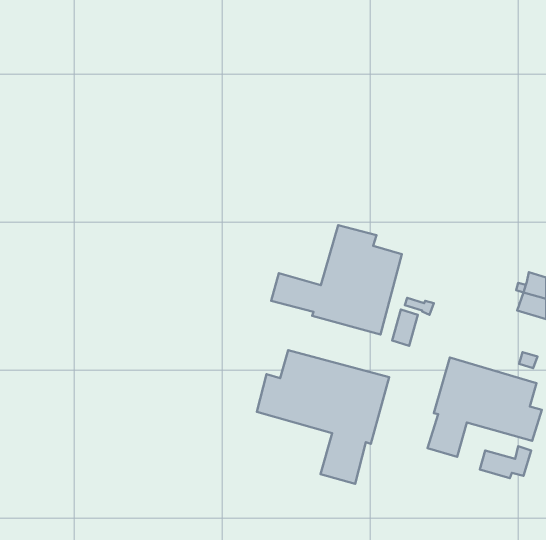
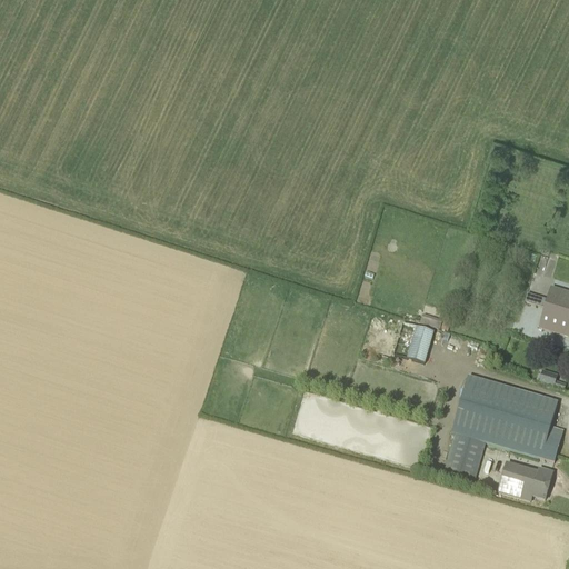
building: [271,225,402,334] -> none
building: [257,350,389,484] -> none

